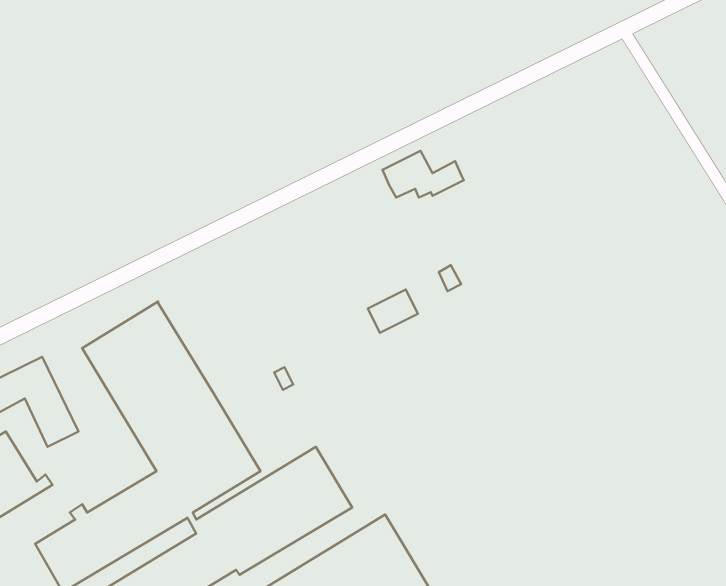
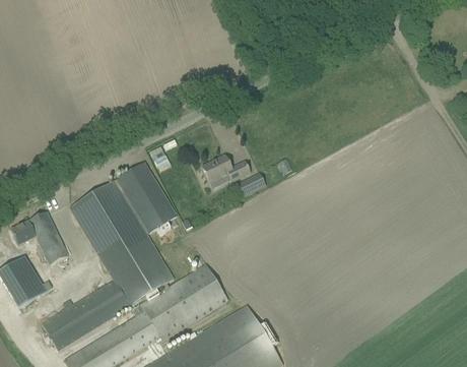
building: [382,151,464,197] -> [202,155,250,182]
building: none -> [114,162,177,233]

